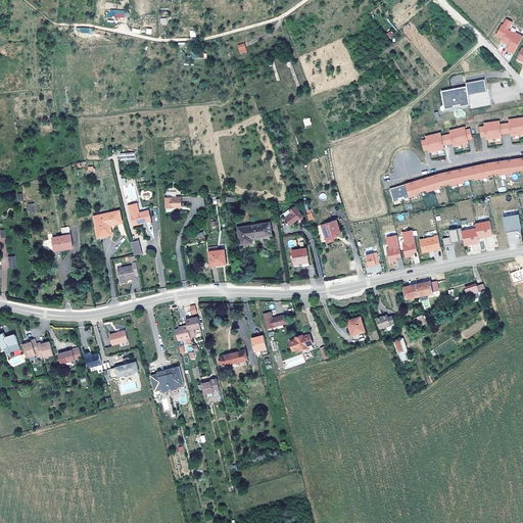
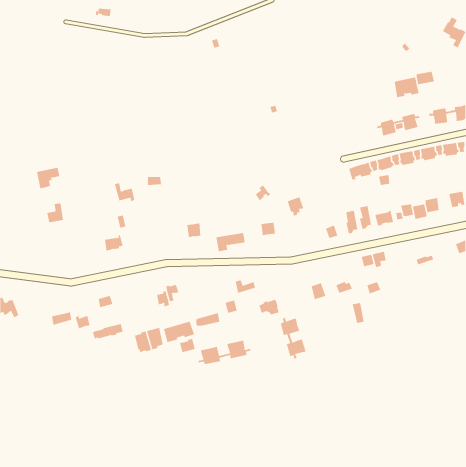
building: [94,211,121,236] -> [36,167,60,189]
building: [237,223,271,244] -> [215,233,246,252]
building: [22,339,52,358] -> none
building: none -> [280,317,306,359]
building: none -> [163,321,195,343]
building: none -> [197,340,251,365]

